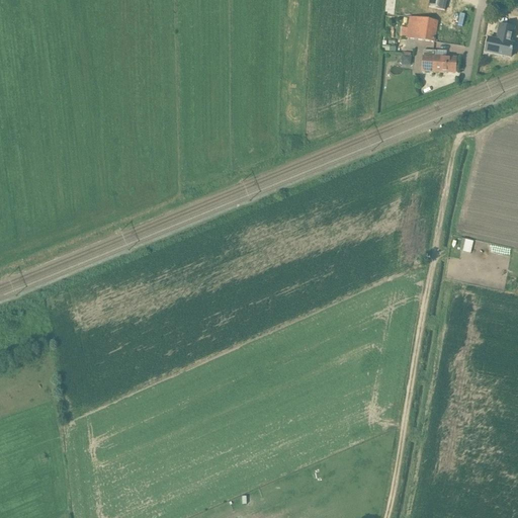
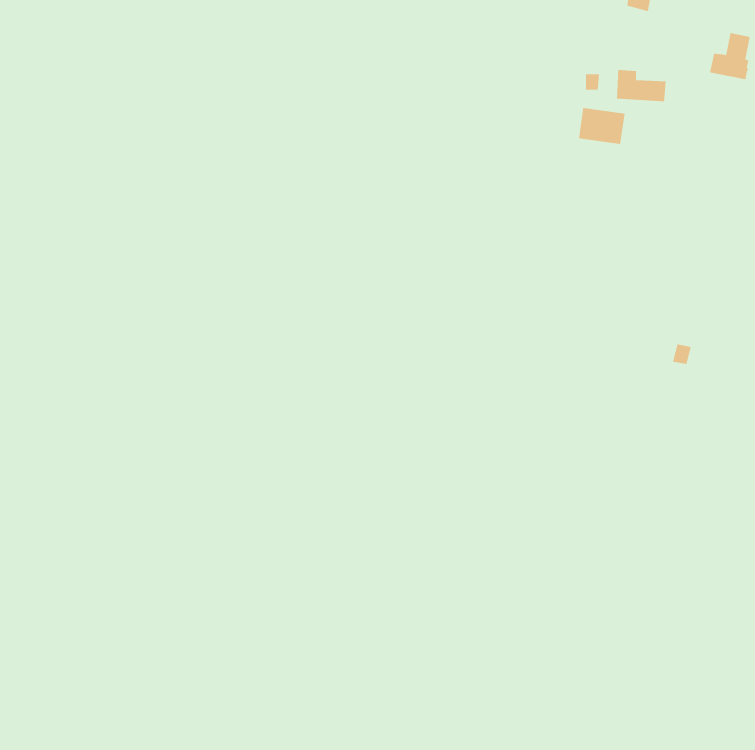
building: [406,14,438,39] -> [578,108,625,145]

